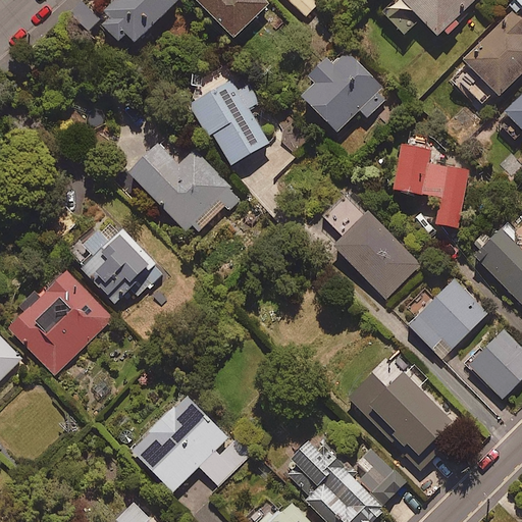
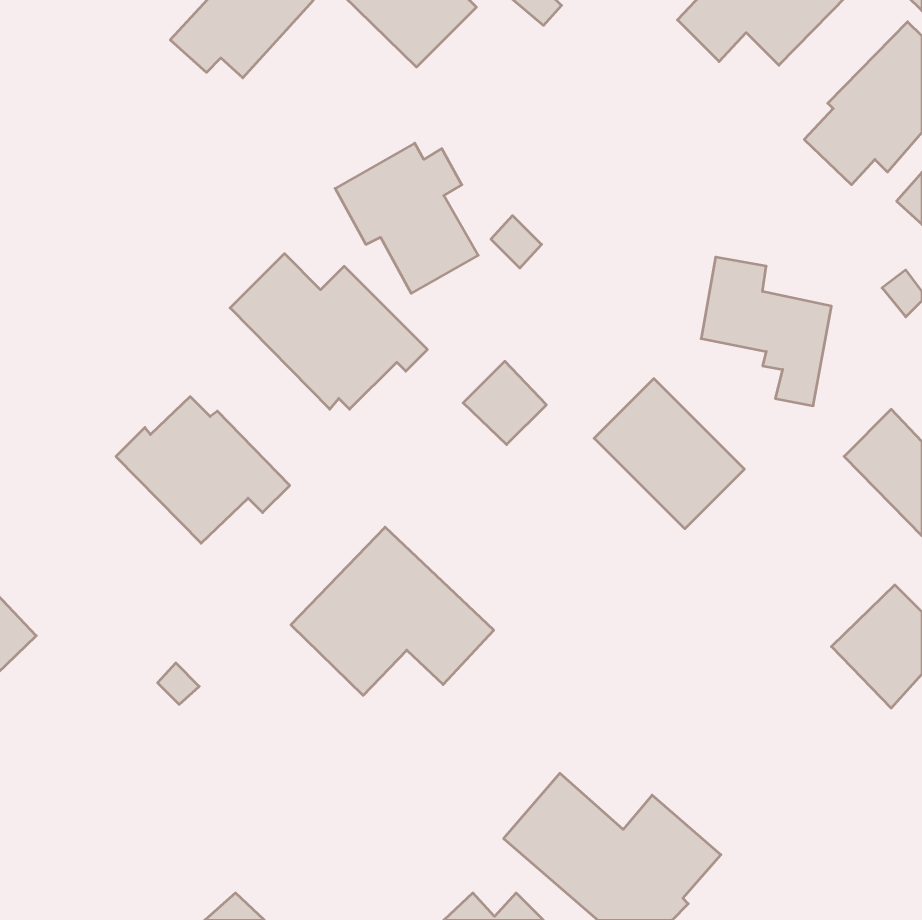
building: [301,46,388,132] -> none
building: [319,191,366,238] -> [463,361,546,445]
building: [8,269,112,373] -> none
building: [409,279,487,358] -> none
building: [349,356,455,470] -> none
building: [133,397,247,491] -> [291,527,494,695]

